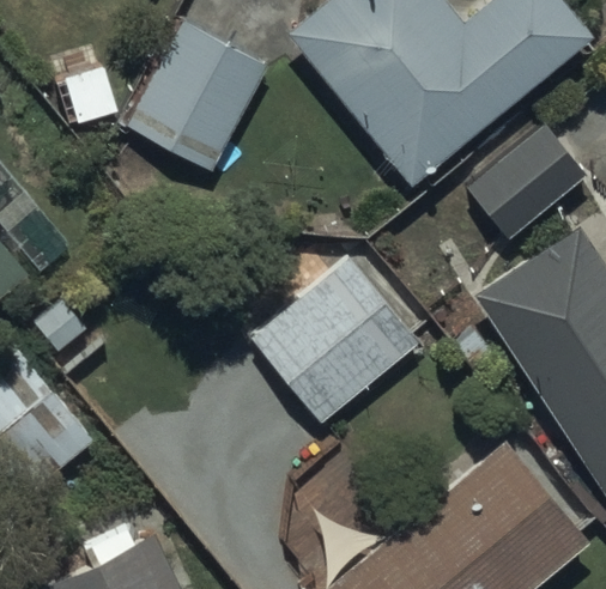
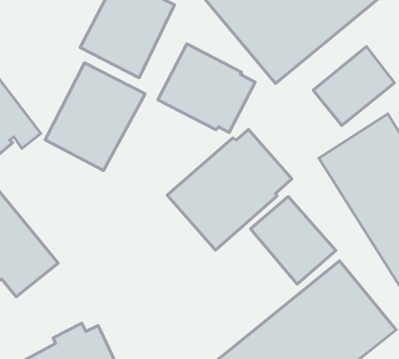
building: none -> [158,44,255,132]
building: none -> [45,63,145,170]
building: none -> [250,197,336,284]

